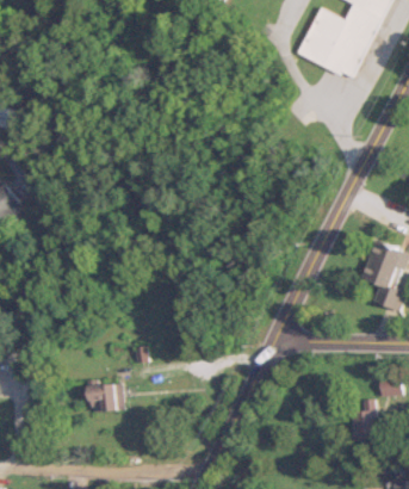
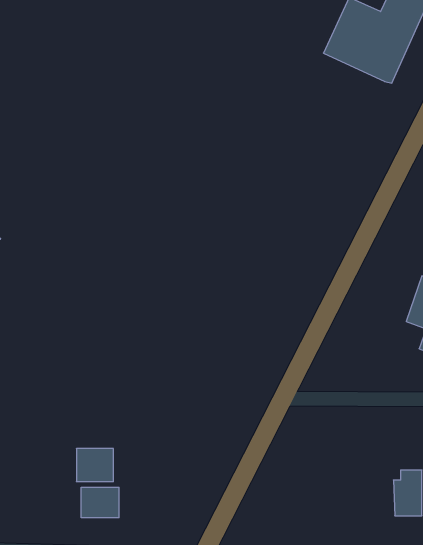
building: none -> [81,487,119,518]

